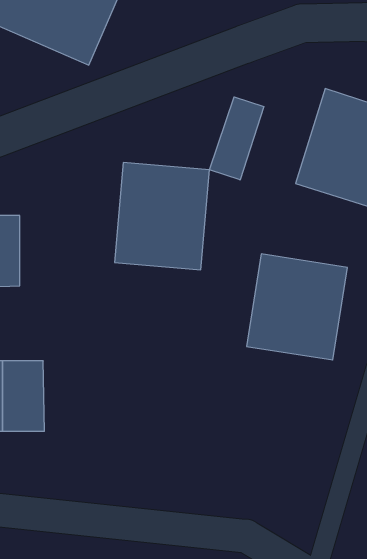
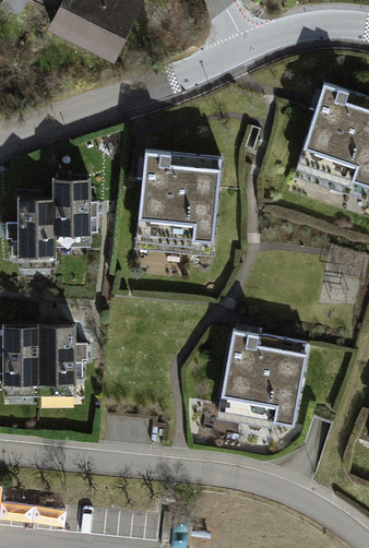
building: [209,97,264,180] -> none
building: none -> [52,177,90,237]
building: [247,254,347,360] -> [218,330,308,424]

